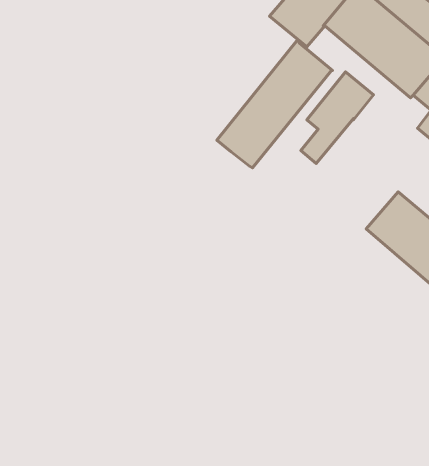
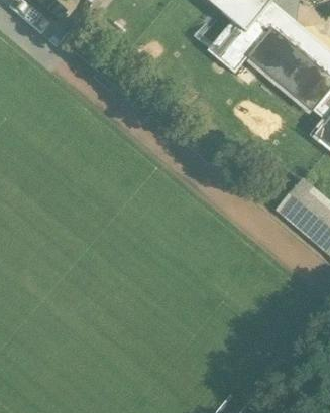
building: [217,40,332,168] -> none
building: [301,72,373,164] -> none

